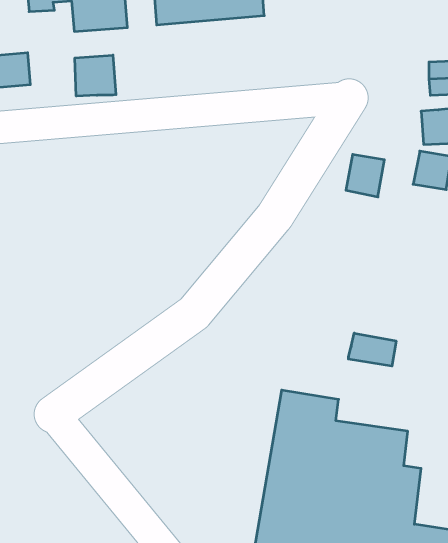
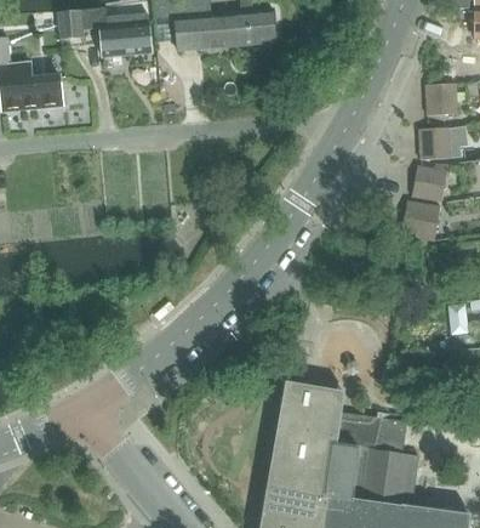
building: [75,55,116,96] -> none
building: [346,154,384,197] -> [401,200,436,239]
building: [348,333,396,366] -> none

